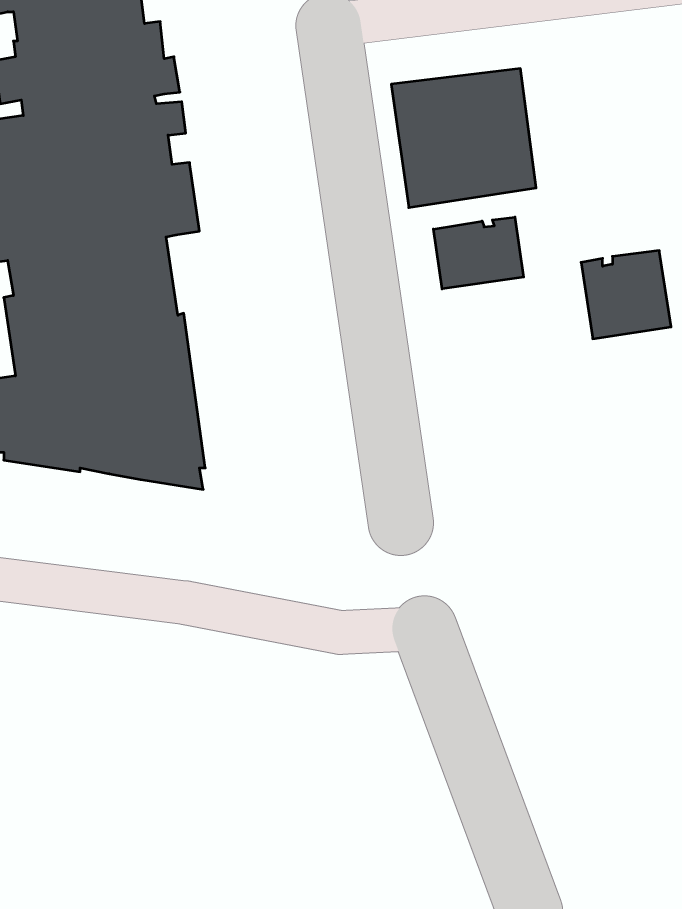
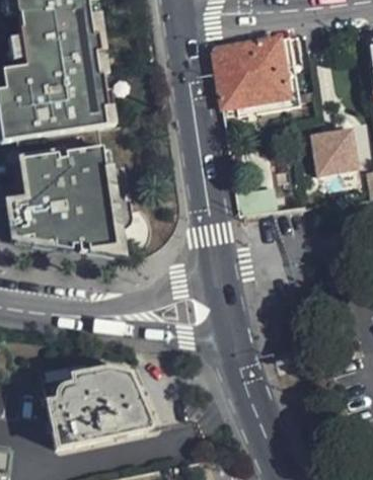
building: [433,217,524,289] -> none
building: none -> [43,367,149,447]

